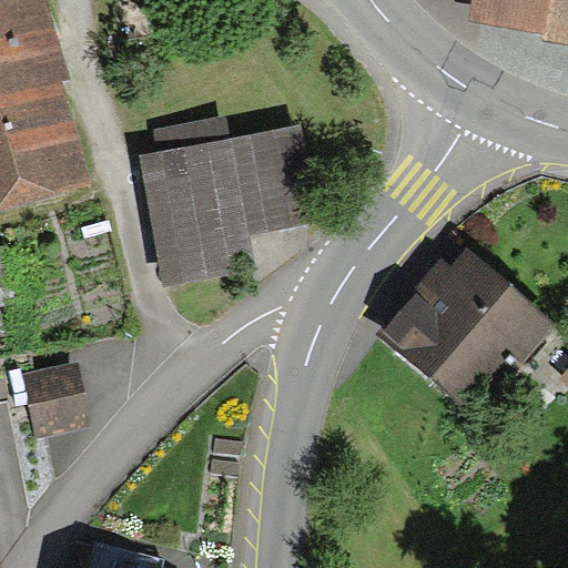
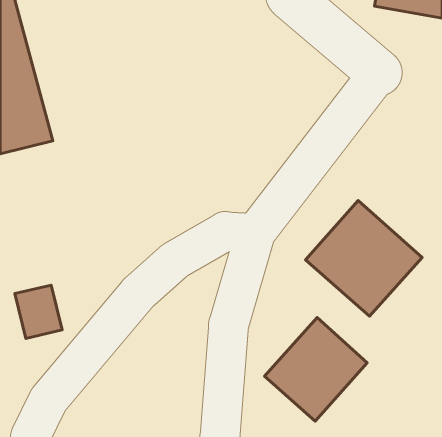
building: [151,130,296,271] -> none
building: none -> [264,318,367,421]

